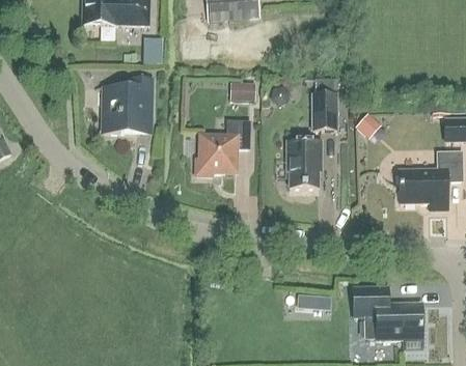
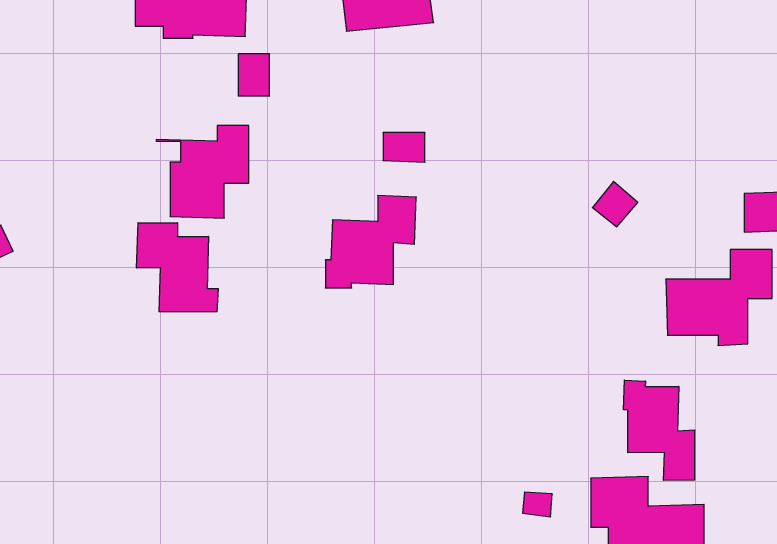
building: [312,78,336,130] -> none
building: none -> [137,223,218,312]
building: [286,142,321,189] -> none
building: none -> [624,380,694,480]

